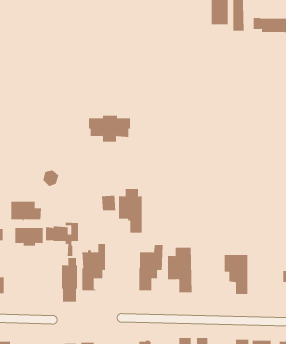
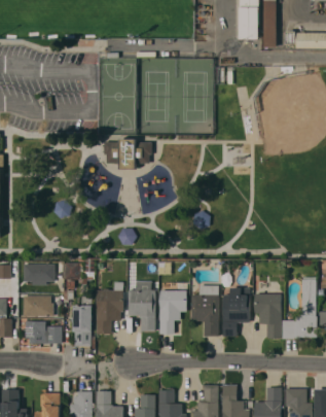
building: [118,189,143,233] -> [129,281,155,331]
building: [10,201,42,221] -> [23,296,58,317]
building: none -> [283,279,317,339]
building: none -> [223,287,250,336]
building: none -> [25,321,62,343]

